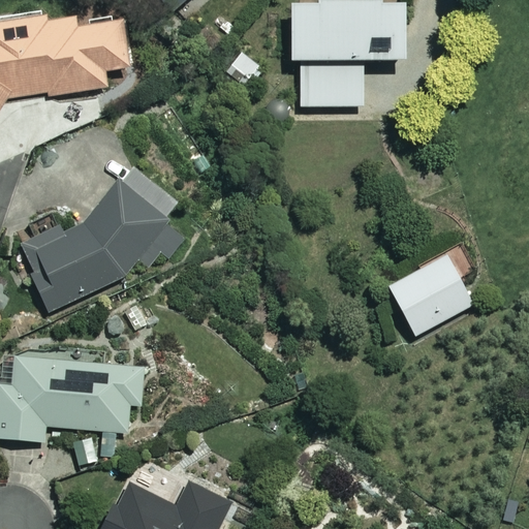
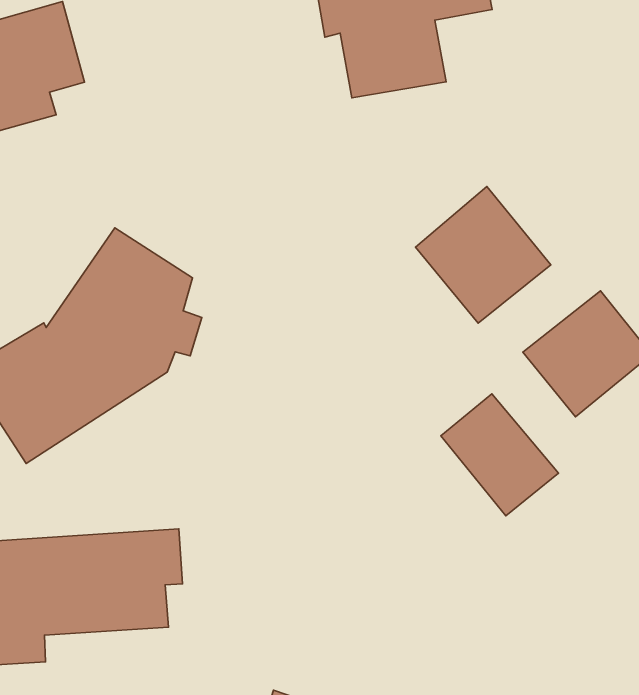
building: none -> [416,186,551,323]
building: none -> [441,394,558,516]

